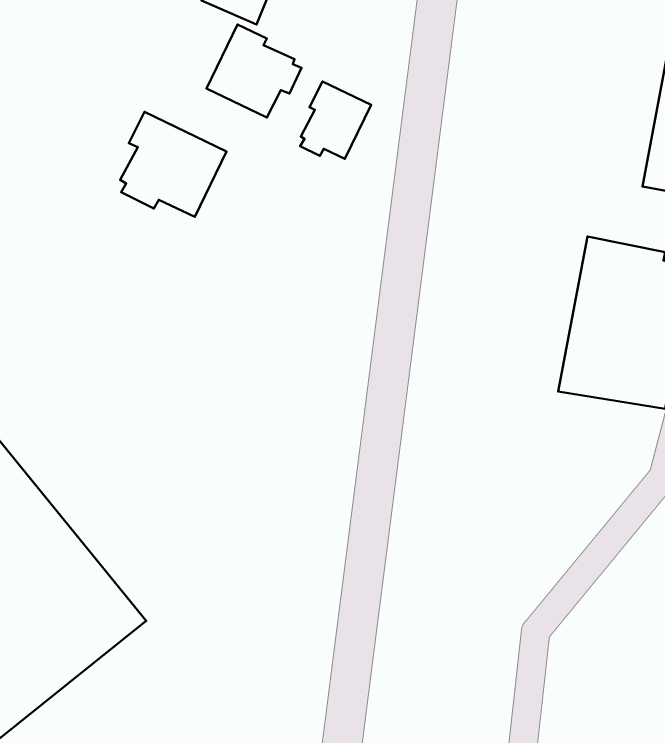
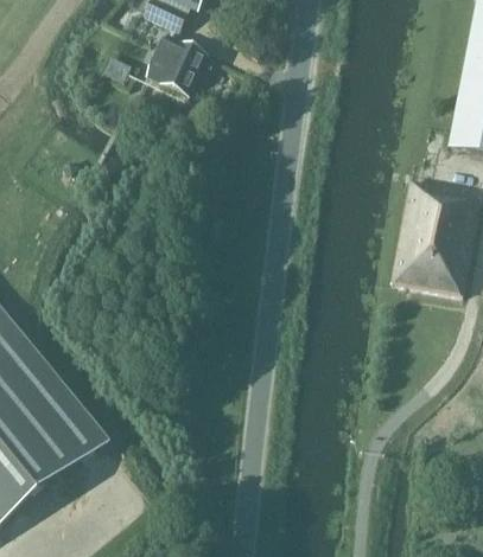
building: [300,81,371,159] -> none
building: [120,112,226,217] -> none

